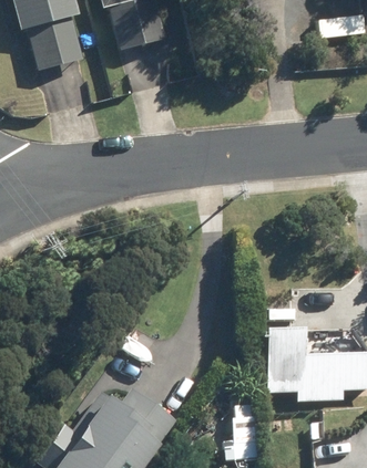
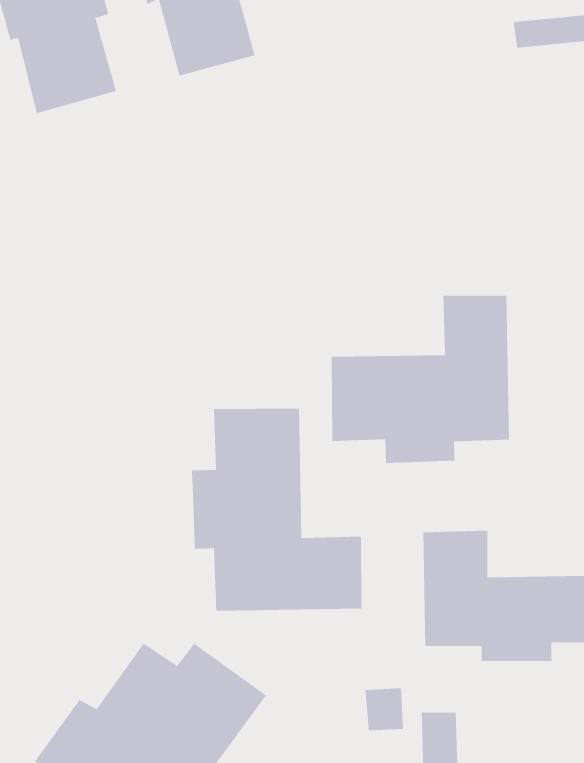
building: none -> [331,295,509,464]
building: none -> [192,408,362,612]

